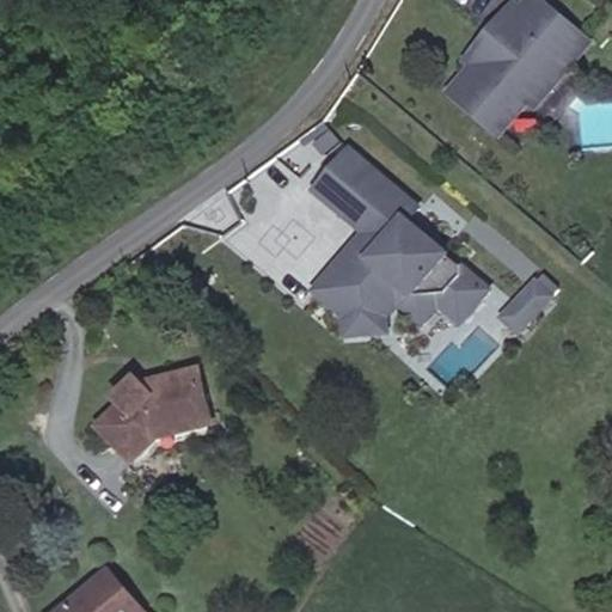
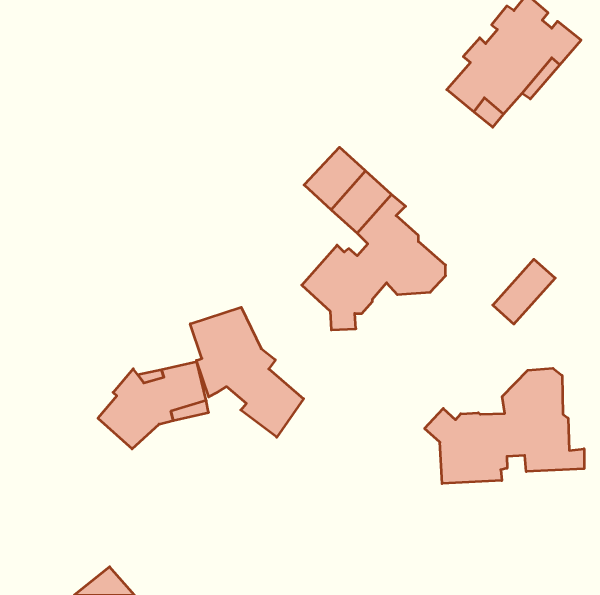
building: [360,269,479,333] -> none
building: none -> [190,307,304,437]
building: none -> [425,368,584,484]

